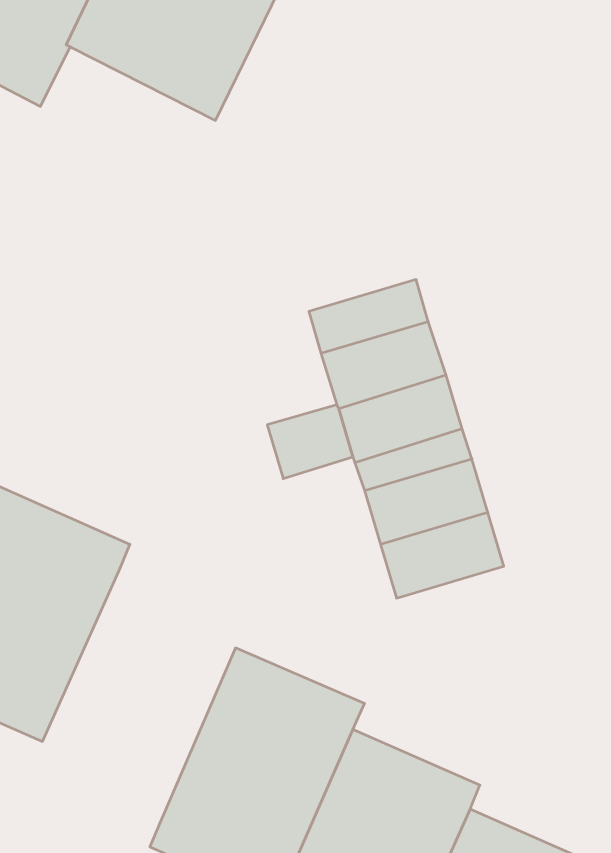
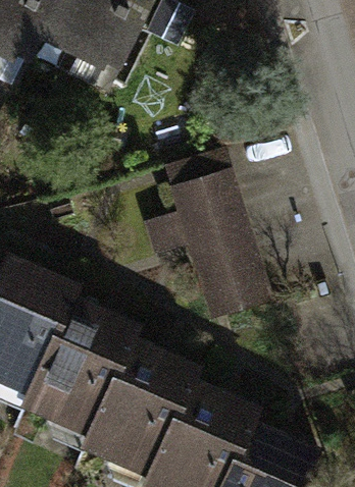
building: none -> [23,303,134,433]

